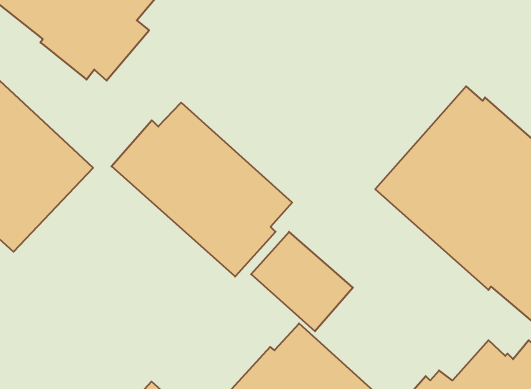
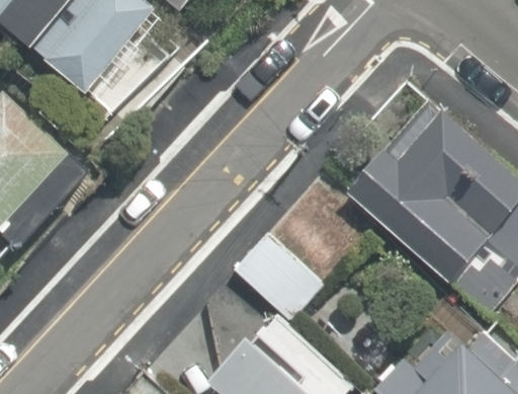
building: [111,103,292,277] -> none

